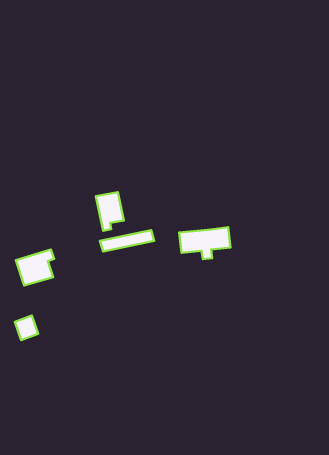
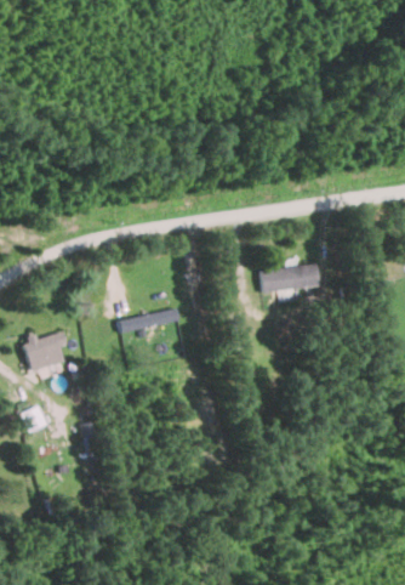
building: [96,192,124,231] -> none
building: [179,227,230,259] -> [259,263,318,300]

